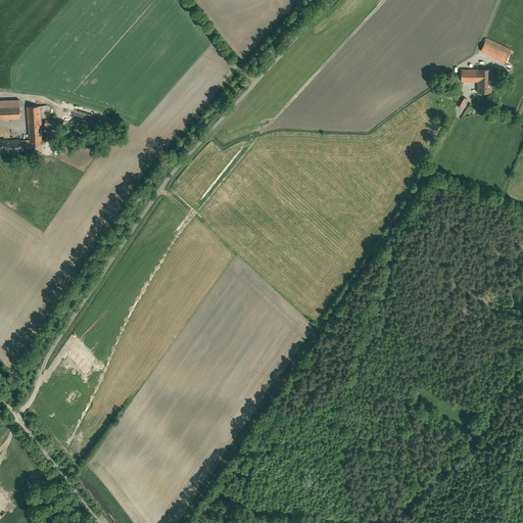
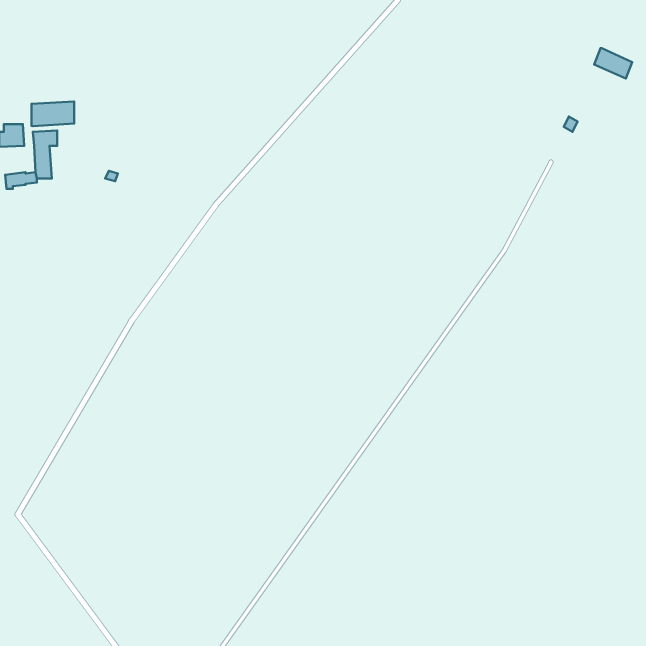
building: [459,72,489,95] -> none
building: none -> [31,102,74,126]

